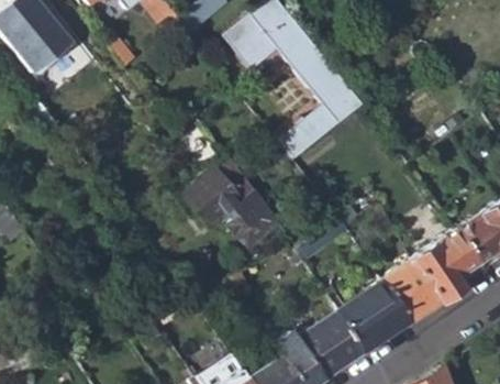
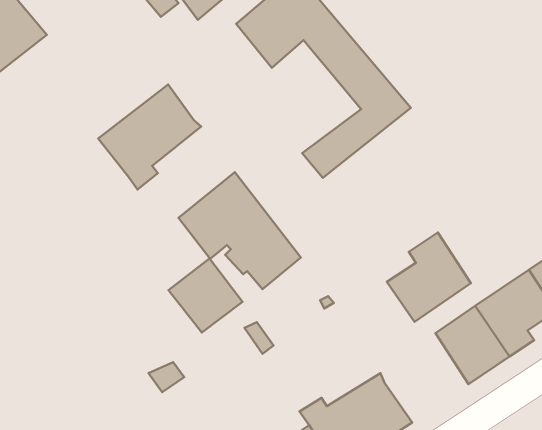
building: none -> [98,84,201,189]
building: none -> [168,258,243,332]
building: [344,281,411,352] -> [387,232,471,322]

